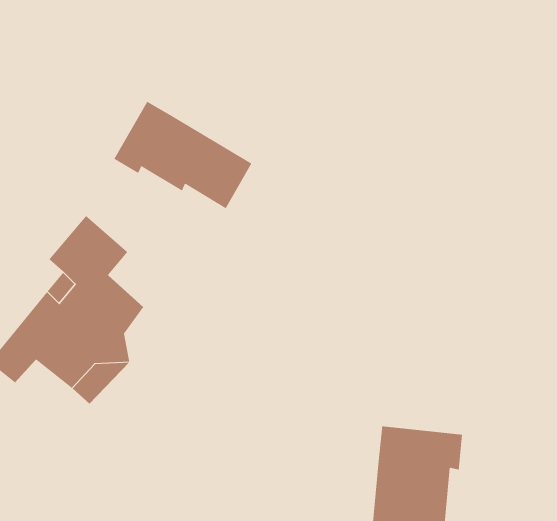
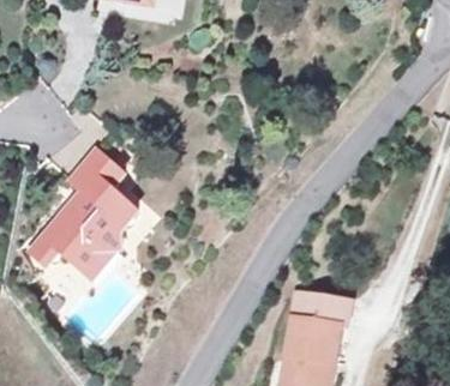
building: [113,101,252,209] -> none

